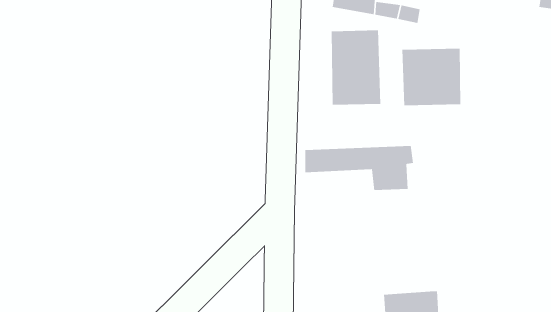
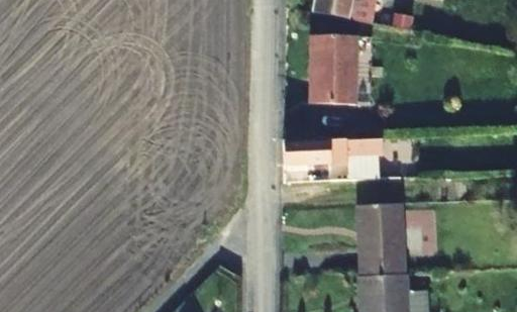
building: [402,48,461,106] -> none
building: none -> [357,203,405,277]

